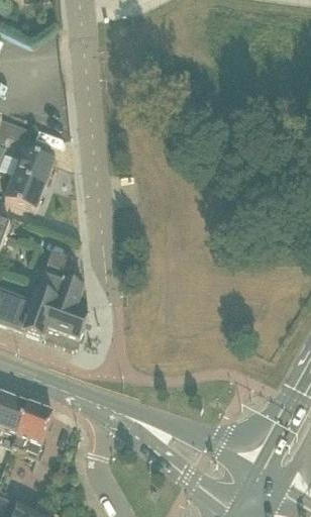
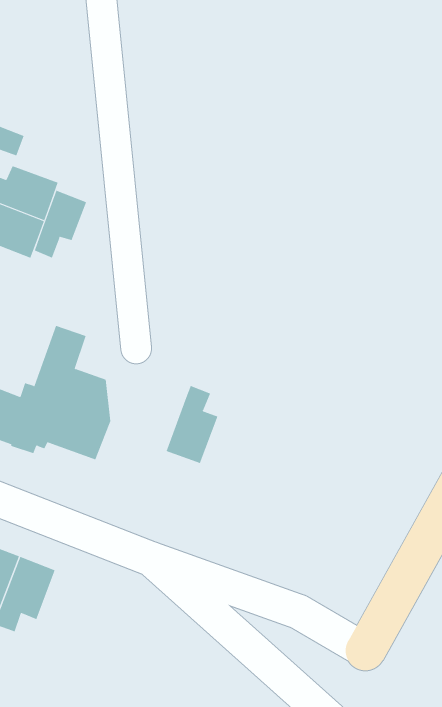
building: none -> [34,190,87,258]
building: none -> [166,385,218,464]

